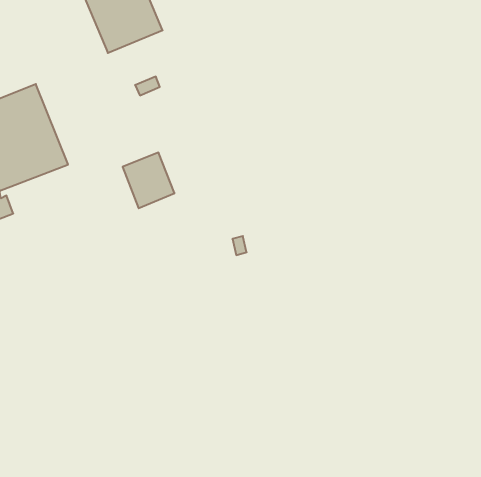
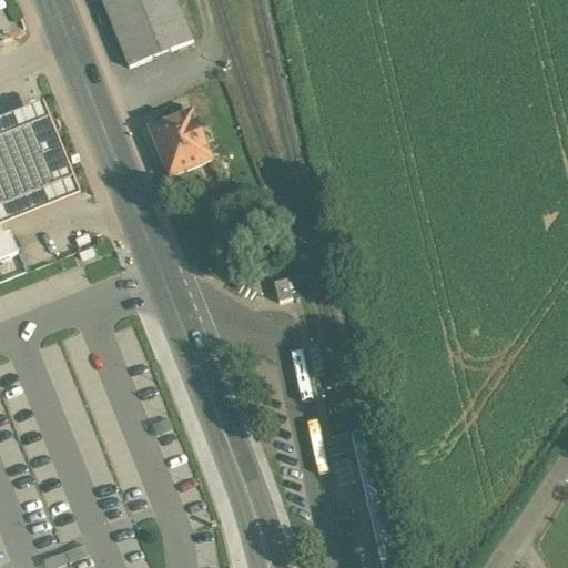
building: [123,153,175,208] -> [149,108,210,173]

